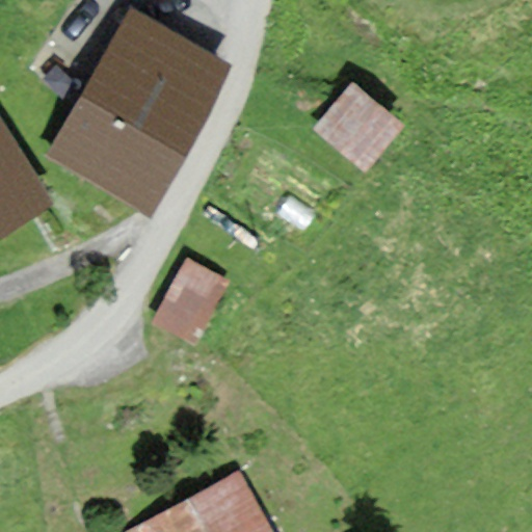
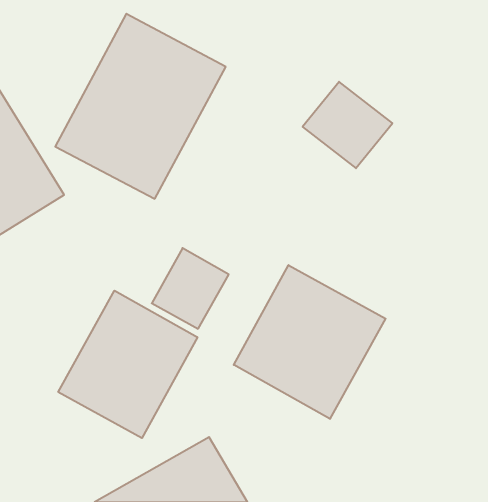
building: none -> [234,265,386,419]
building: none -> [58,291,197,438]

